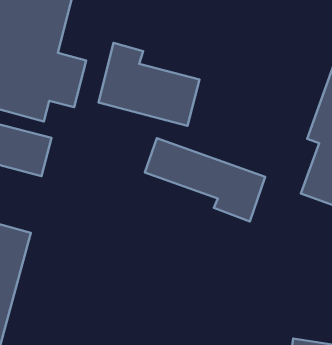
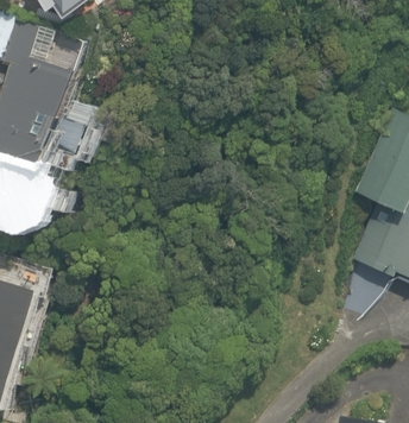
building: [98,43,199,126] -> none
building: [145,138,265,221] -> none

